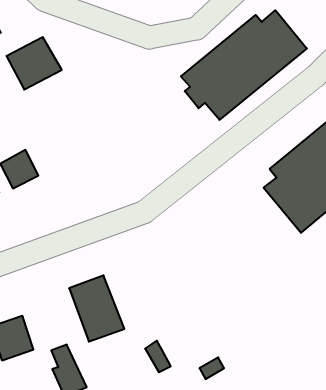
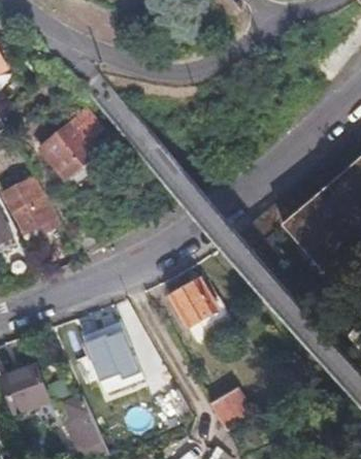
building: [181,10,307,120] -> none
building: [6,37,62,90] -> [41,133,99,188]
building: none -> [170,276,234,335]

